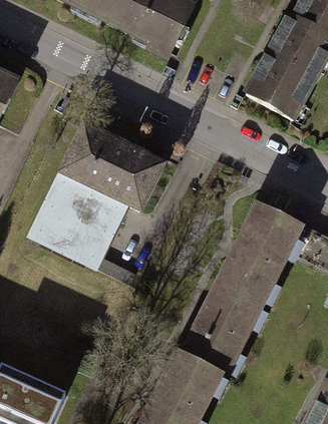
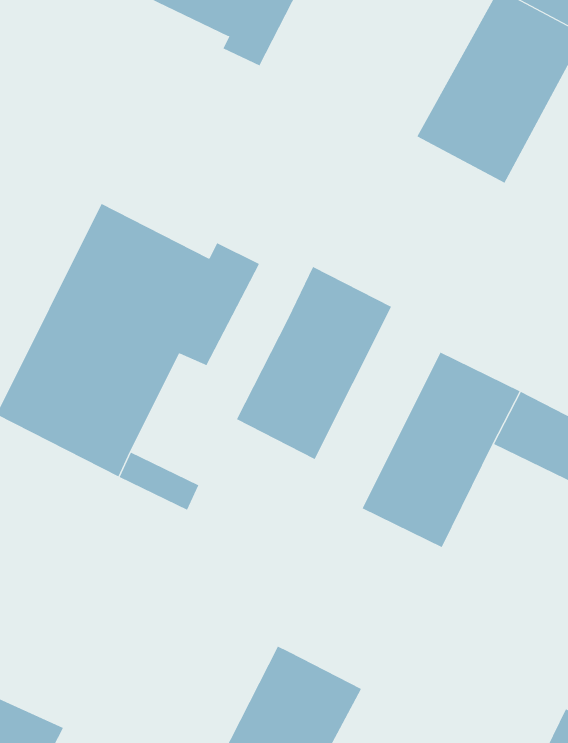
building: none -> [236,266,392,460]
building: [182,282,260,376] -> none

